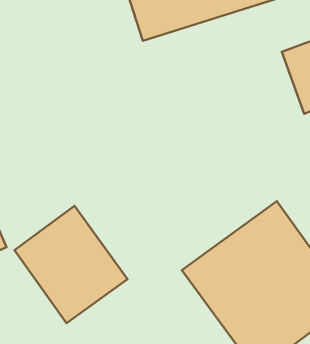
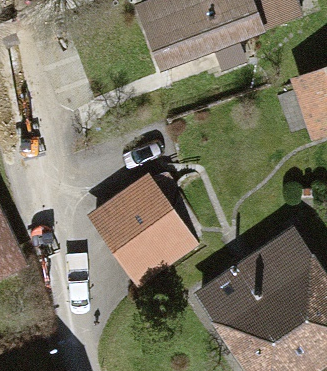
building: [14,206,128,323] -> [90,178,203,295]

